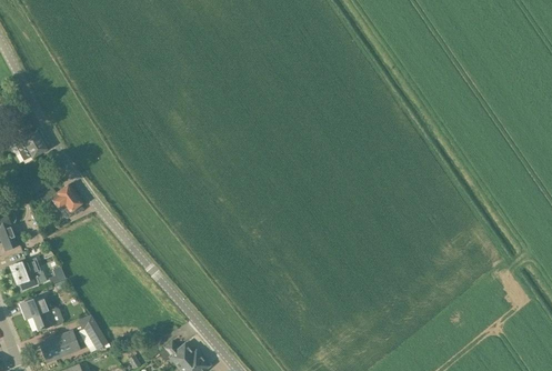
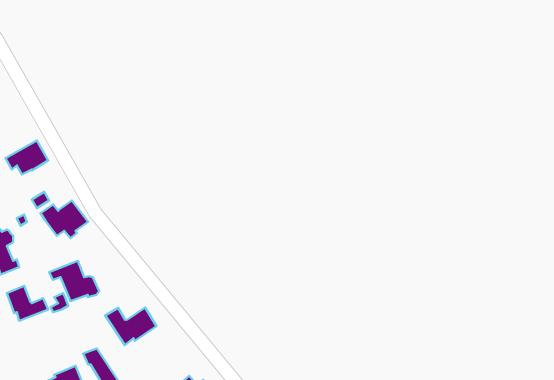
building: none -> [105,308,157,345]
building: [19,294,63,330] -> [49,261,99,301]

